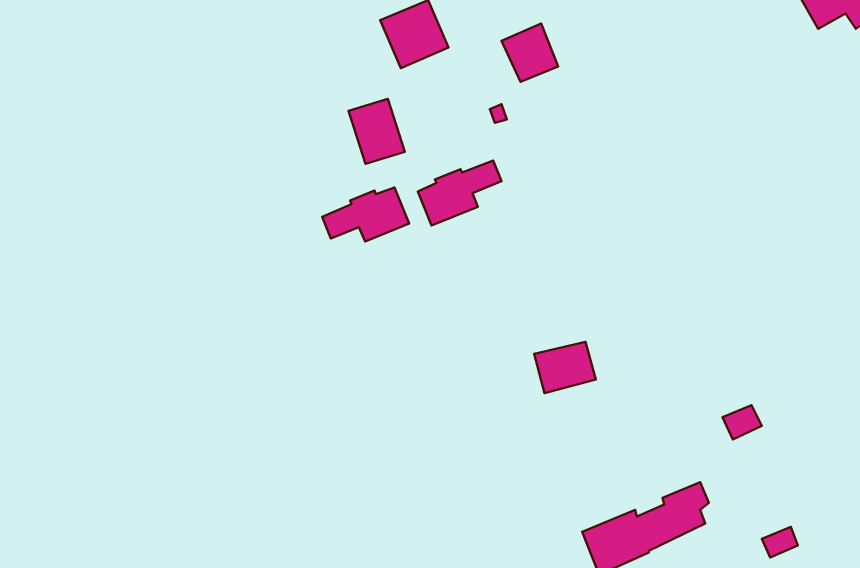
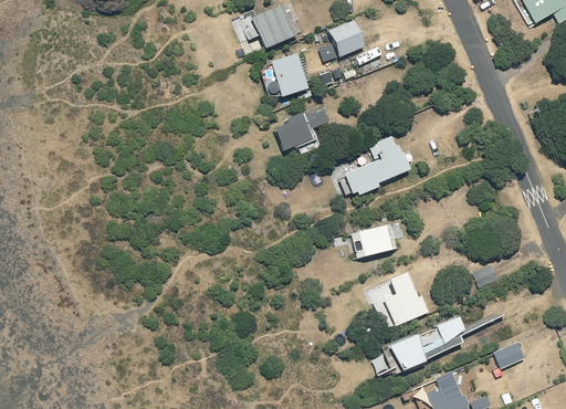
building: [348,99,405,164] -> [273,53,310,95]
building: [322,188,409,241] -> none
building: none -> [345,136,411,196]
building: none -> [382,272,428,326]

